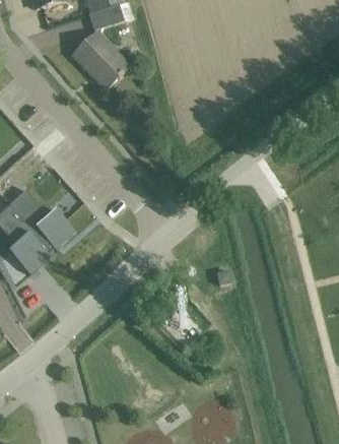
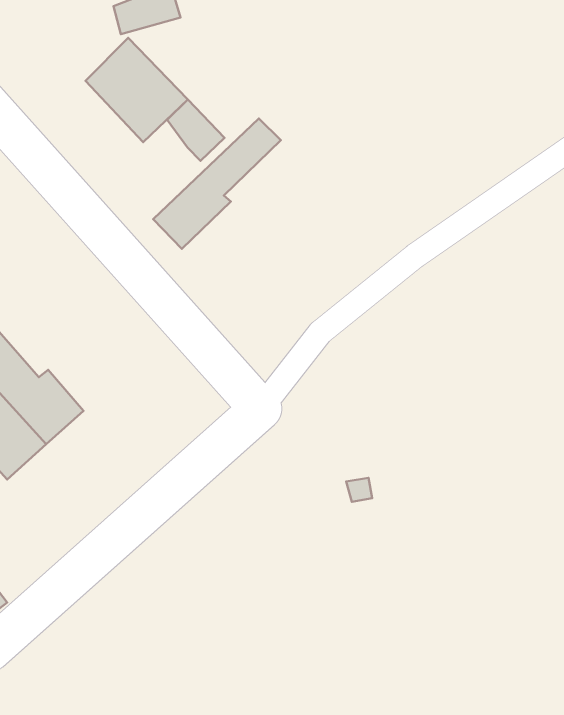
building: none -> [167,99,225,161]
building: none -> [153,118,281,249]

